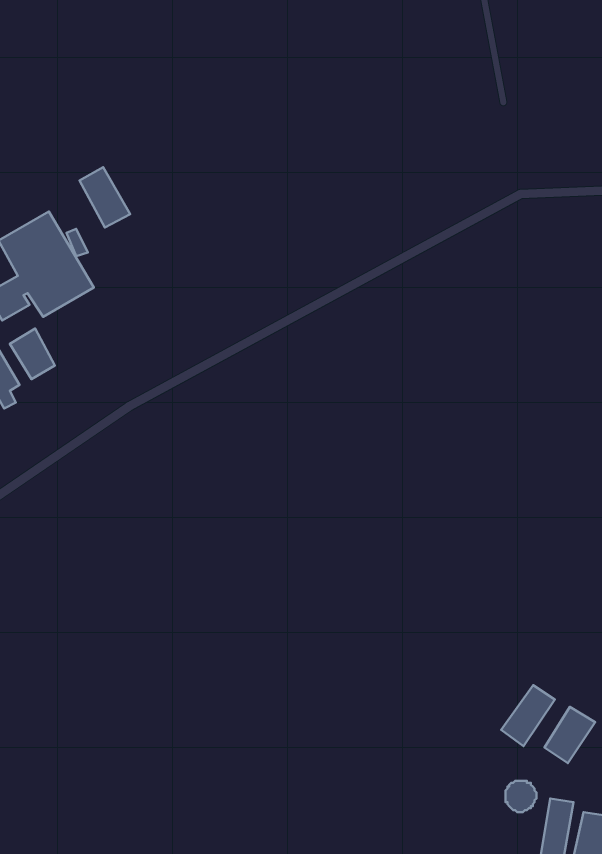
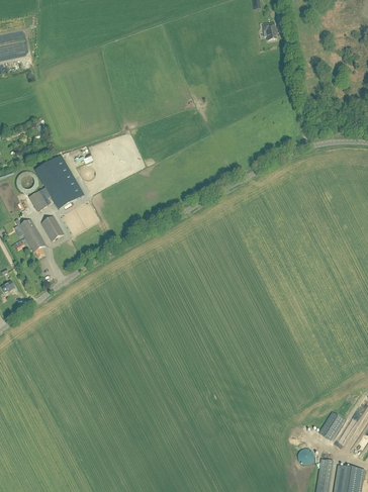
building: [80,167,130,227] -> none
building: [501,685,555,746] -> none

